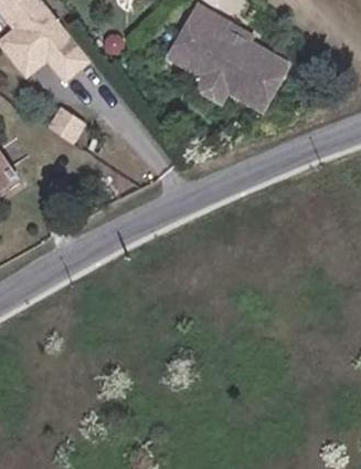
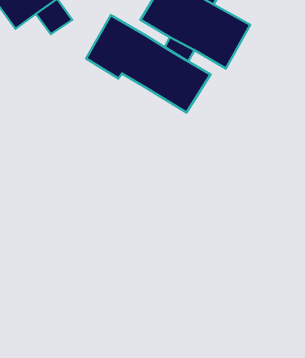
building: none -> [86,15,210,113]

